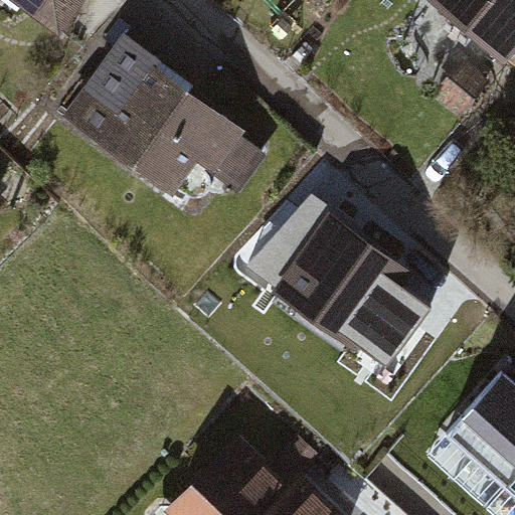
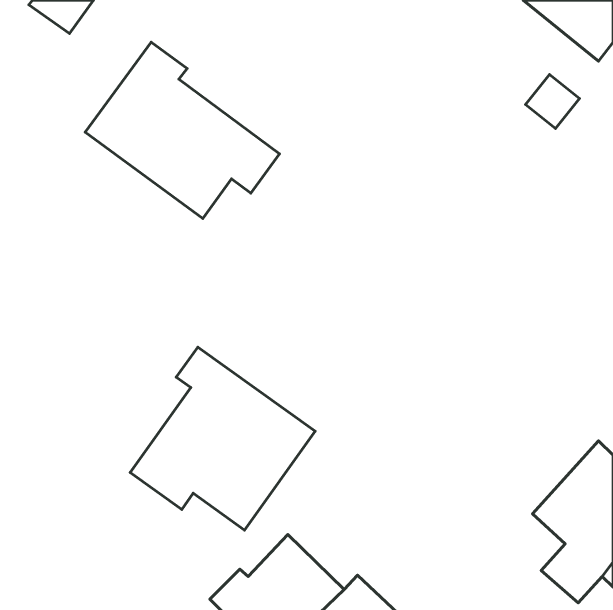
building: [269,213,432,348] -> none
building: none -> [130,347,315,530]

